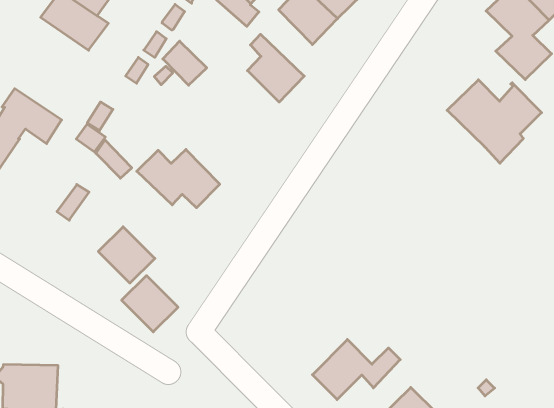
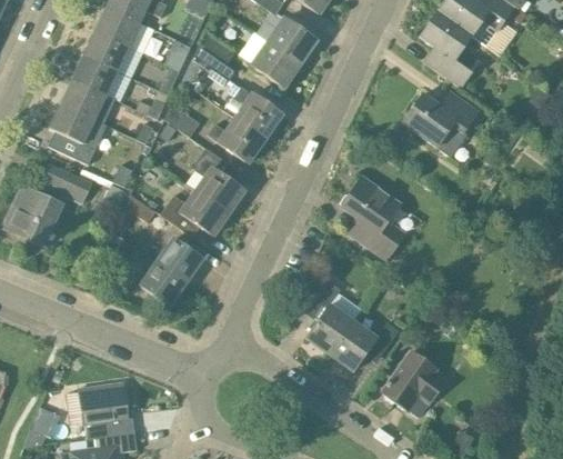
building: none -> [49,103,107,164]
building: none -> [208,118,265,163]
building: none -> [193,148,244,213]
building: none -> [341,178,405,259]
building: [122,276,178,332] -> [157,238,203,282]
building: none -> [306,281,353,355]

